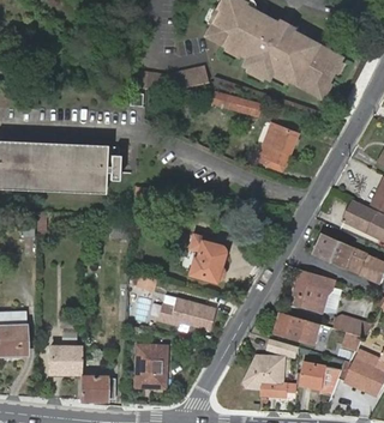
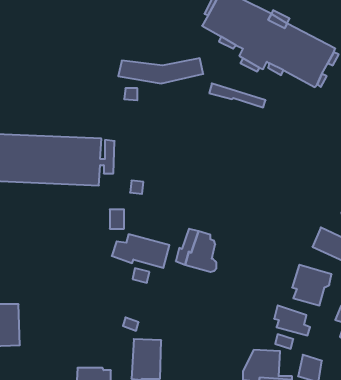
building: [257,122,298,169] -> none
building: [157,297,215,331] -> [112,234,169,268]
building: [49,346,82,373] -> none

